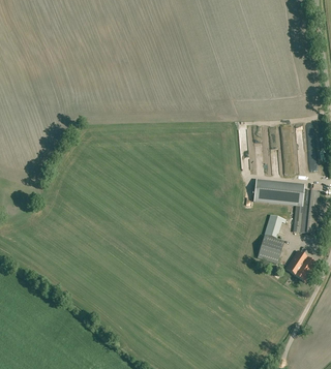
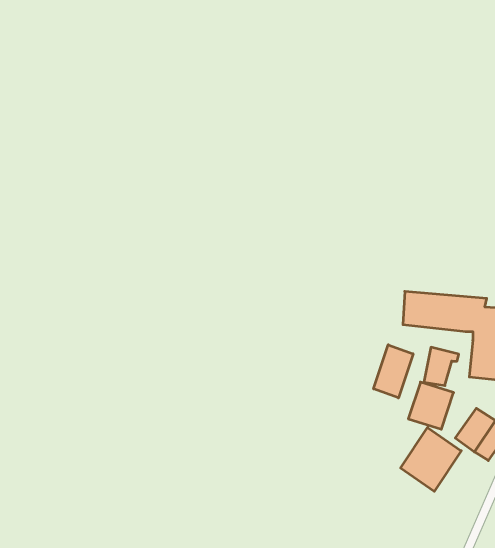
building: none -> [374,345,413,398]
building: none -> [401,427,461,491]

